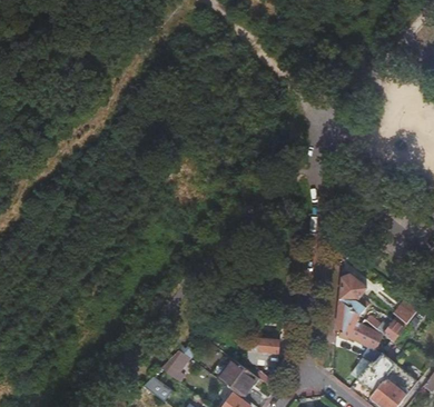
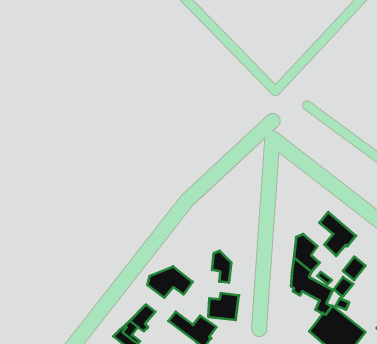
building: none -> [319,212,356,256]
building: none -> [212,251,231,283]
building: none -> [148,266,193,298]

